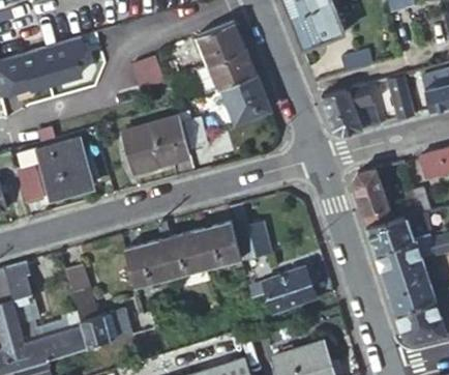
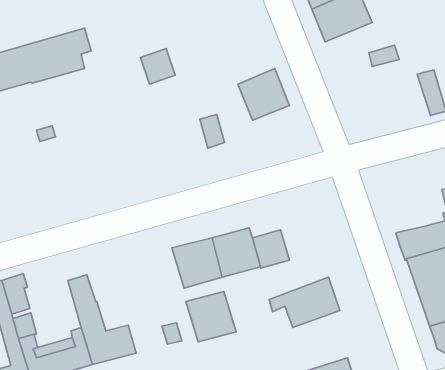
building: [197,21,256,94] -> none
building: [322,85,380,134] -> none
building: [123,115,191,170] -> none
building: [13,139,91,201] -> none
building: [354,168,393,226] -> none
building: [125,240,172,287] -> [186,291,236,342]

